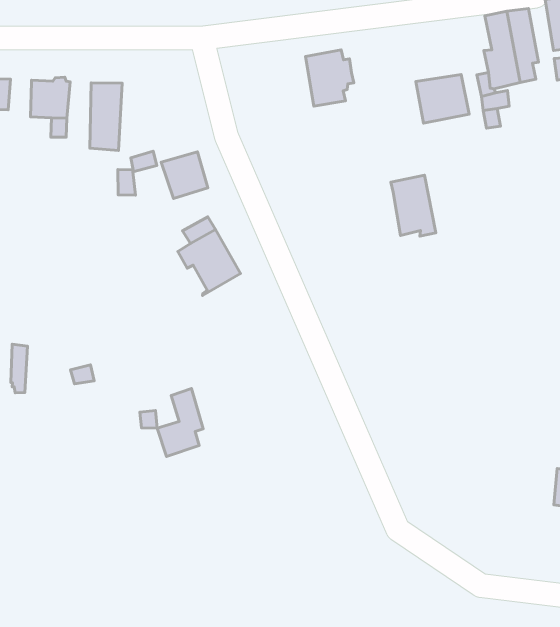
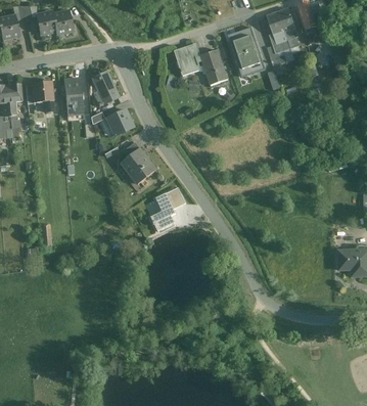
building: none -> [228,27,259,55]
building: none -> [92,71,119,106]
building: [391,175,436,236] -> [200,49,228,83]
building: [157,389,203,457] -> [151,192,176,230]

